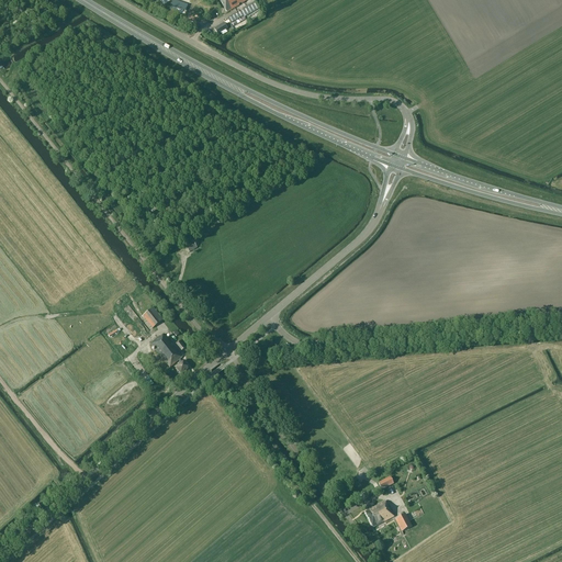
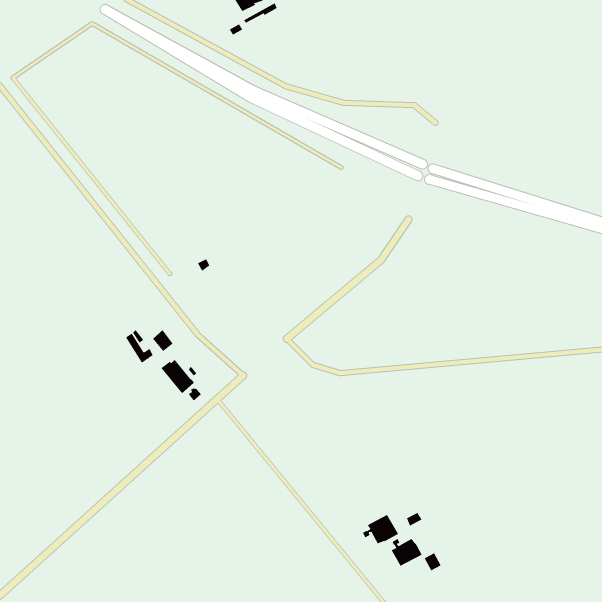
building: none -> [362,514,399,544]

